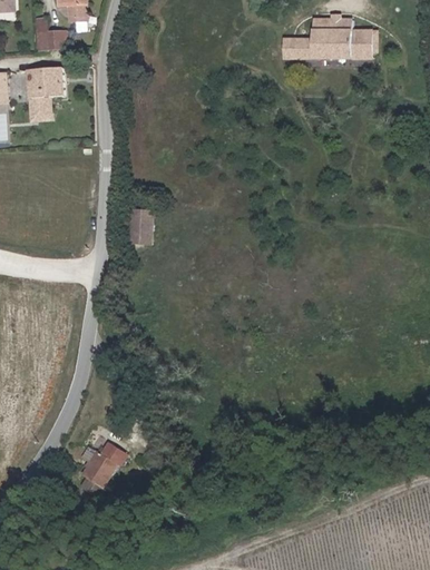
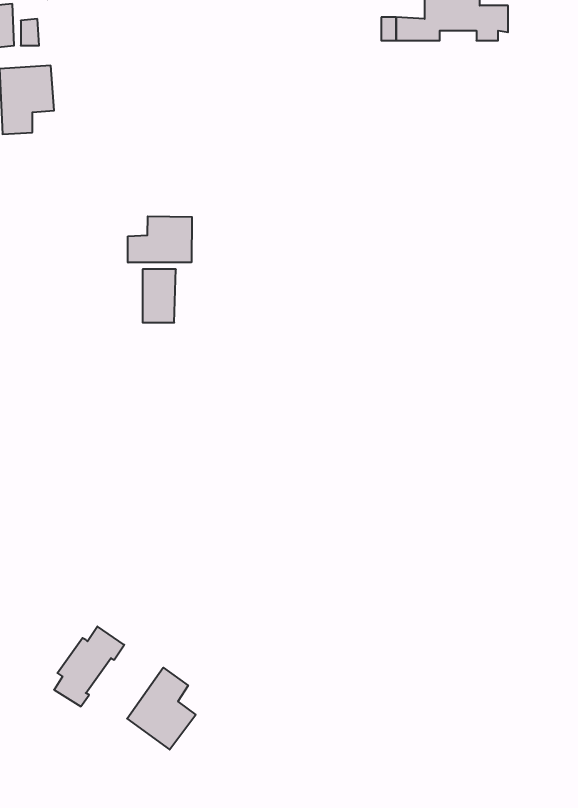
building: none -> [128,216,192,263]
building: none -> [127,668,196,750]

